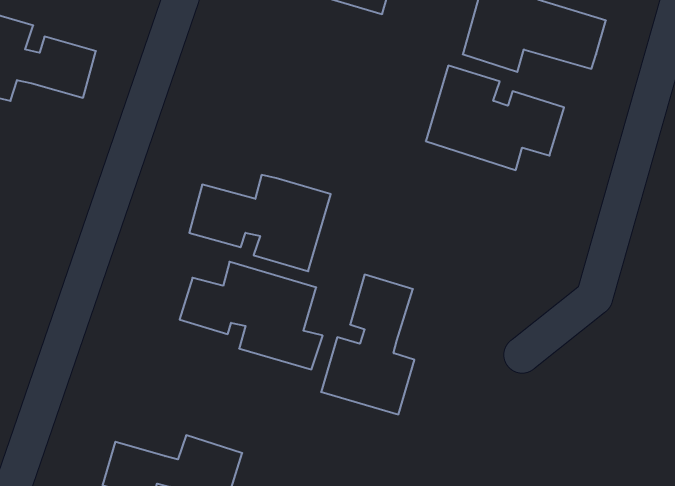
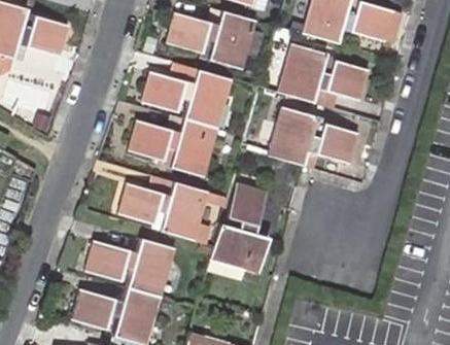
building: none -> [166,10,255,73]
building: none -> [141,67,232,127]
building: none -> [271,107,360,174]
building: none -> [85,233,175,292]

